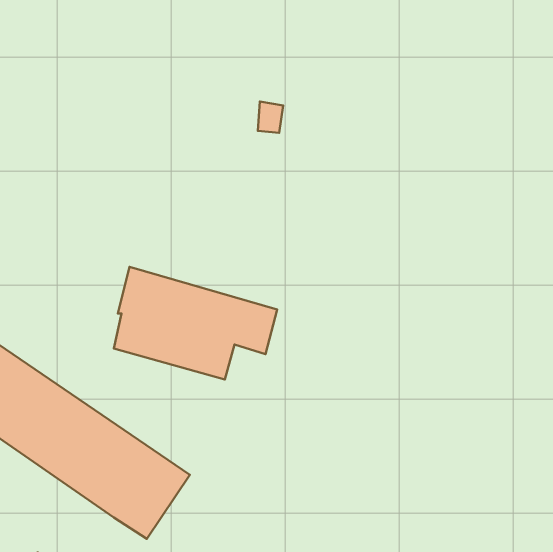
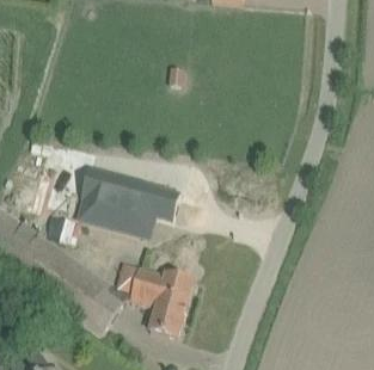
building: none -> [130,272,192,338]

